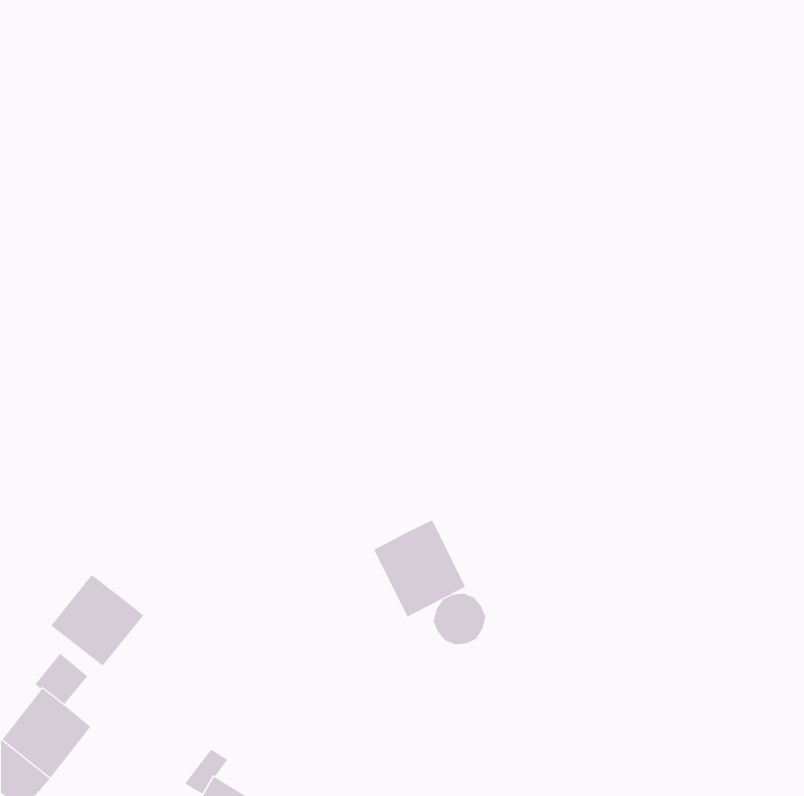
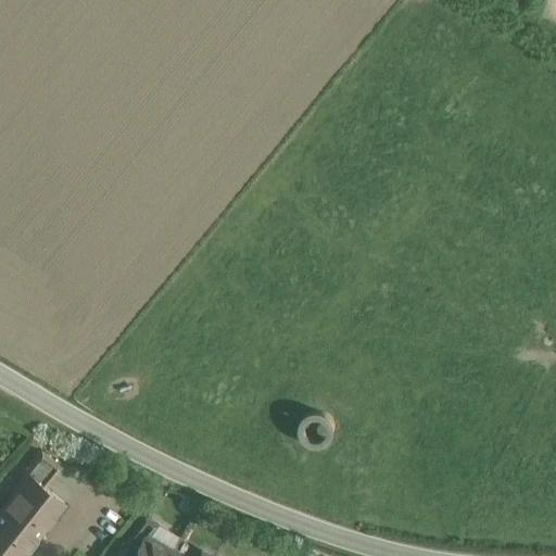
building: [373,519,466,617] -> none
building: [50,574,144,667] -> none

